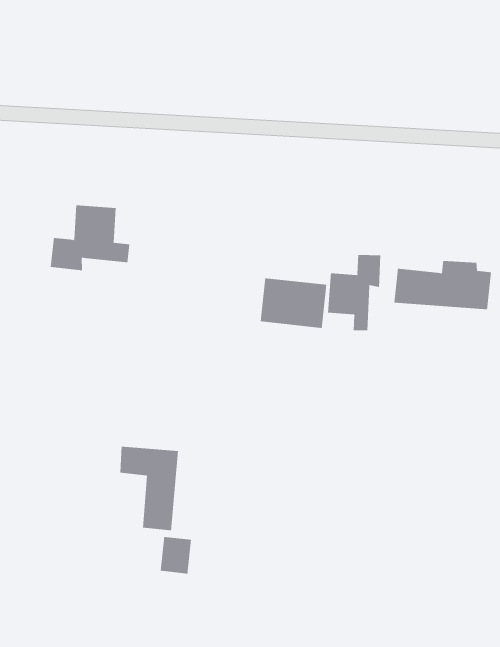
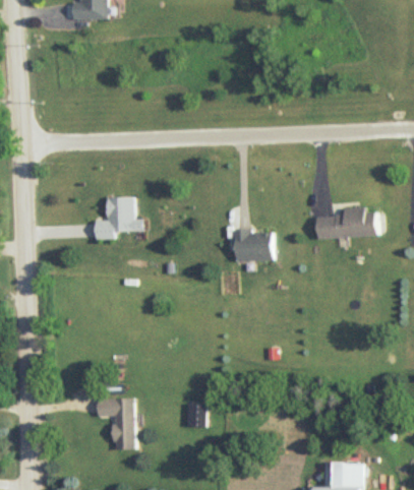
building: [327,254,381,331] -> none
building: [119,446,179,531] -> [95,399,133,450]

